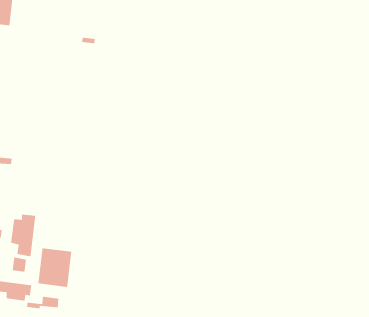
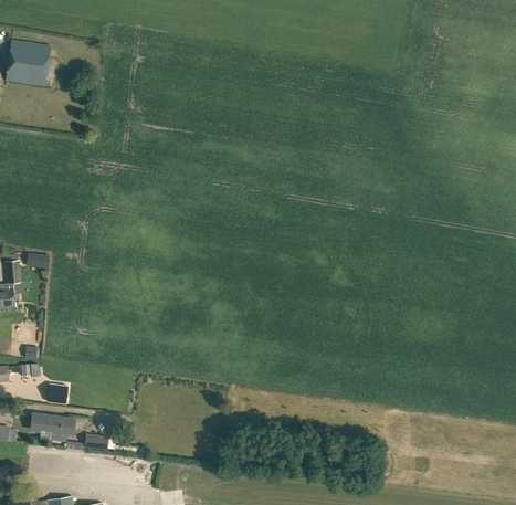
building: [11,214,36,257] -> none
building: [38,247,72,288] -> none

